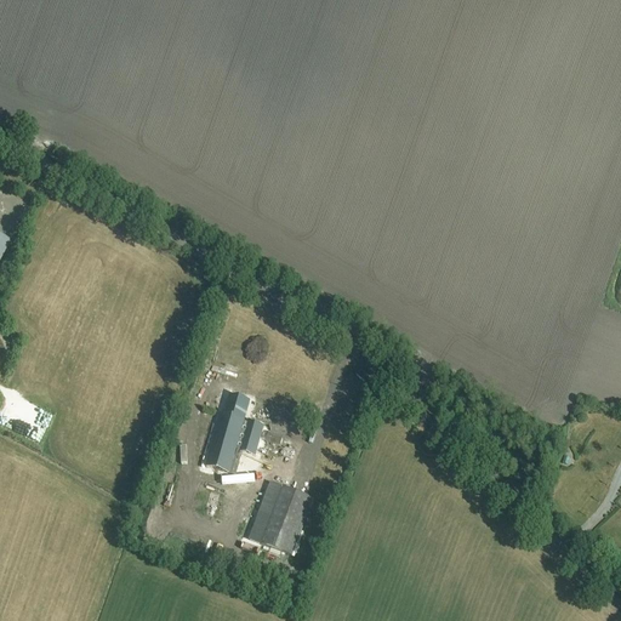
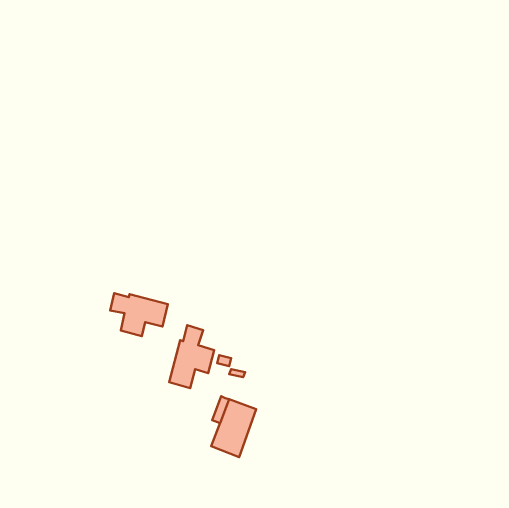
building: none -> [110,293,168,336]

